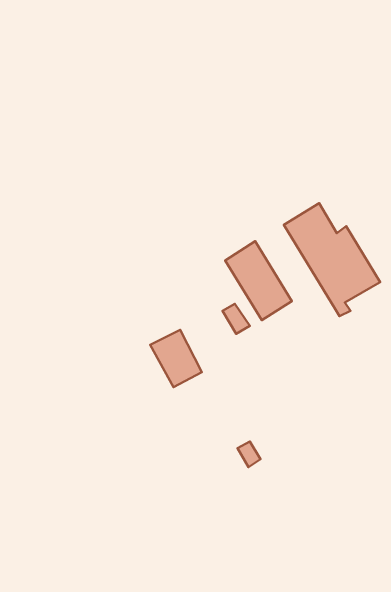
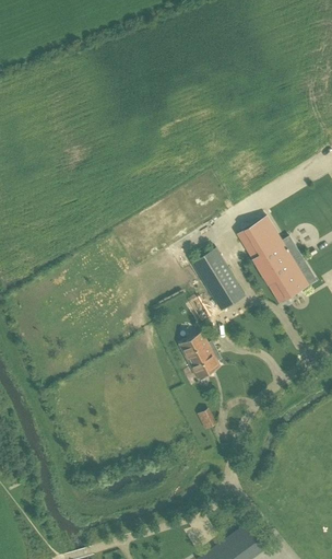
building: [150,330,202,387] -> [178,333,220,379]

